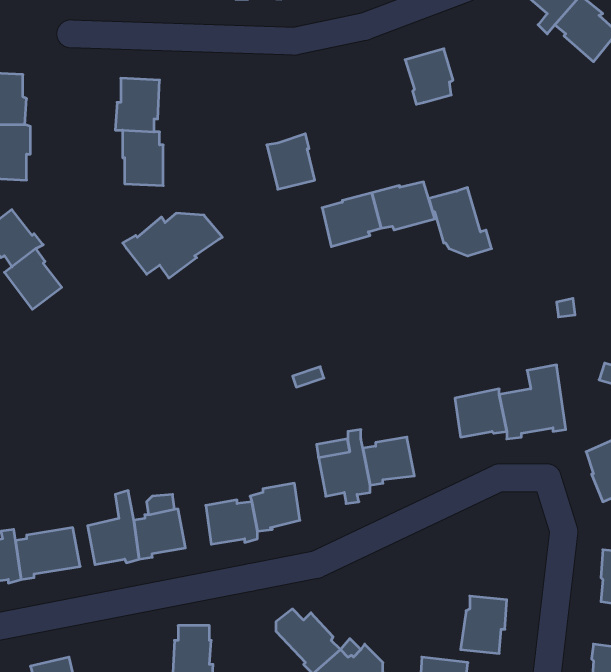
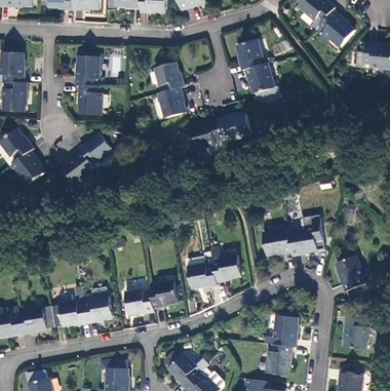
building: none -> [154,61,184,91]
building: [429,188,492,256] -> [245,63,280,101]
building: none -> [62,150,94,184]
building: none -> [263,314,297,345]

